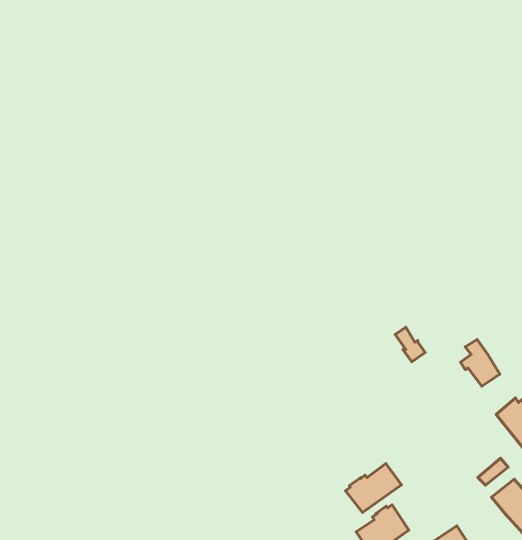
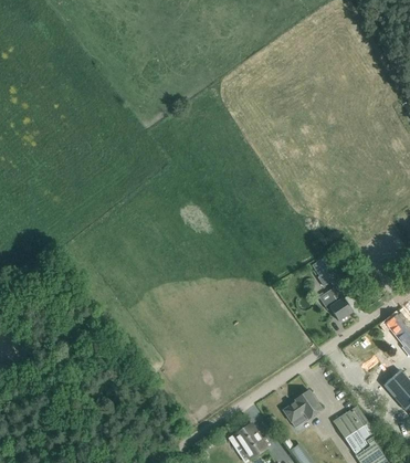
building: [461,339,500,386] -> [324,286,353,320]
building: [346,464,401,512] -> none

